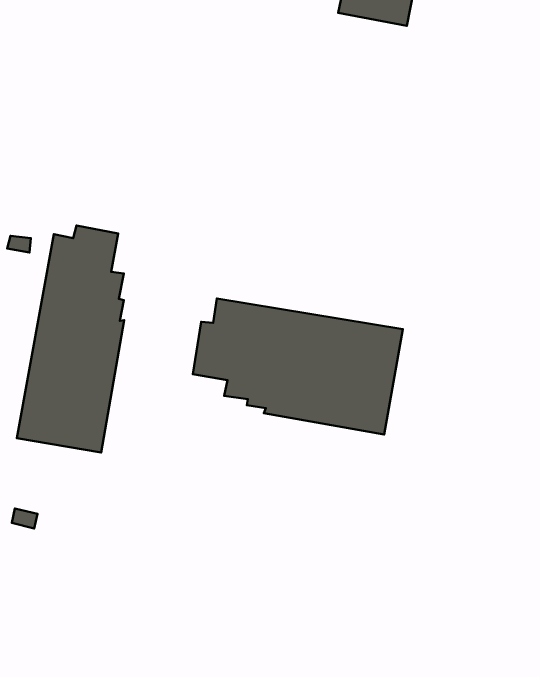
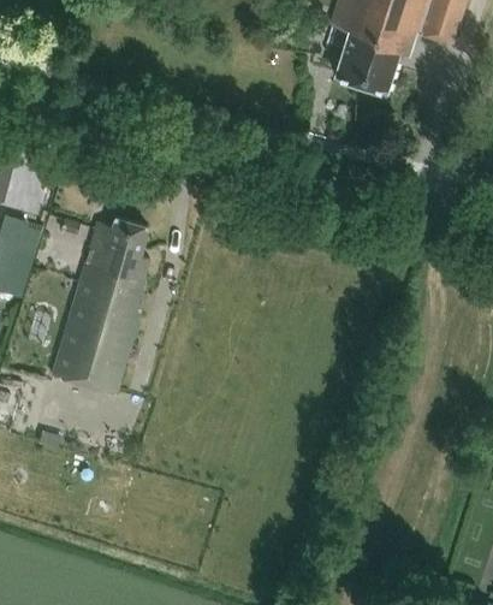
building: [193,299,403,434] -> none

